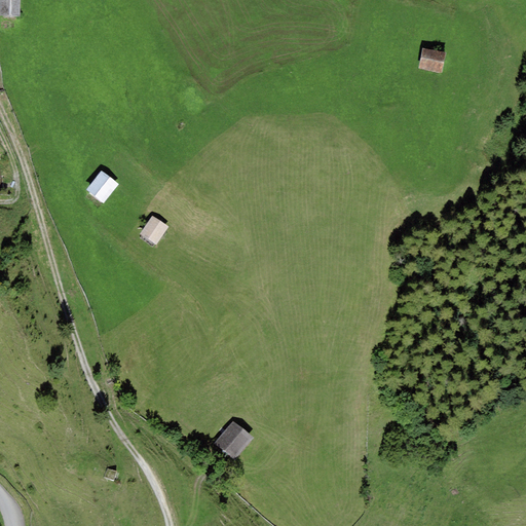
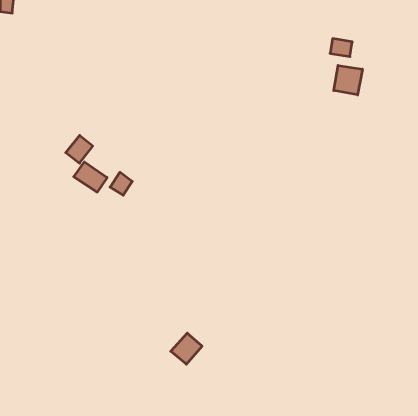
building: none -> [334,65,362,95]
building: none -> [74,162,107,192]

